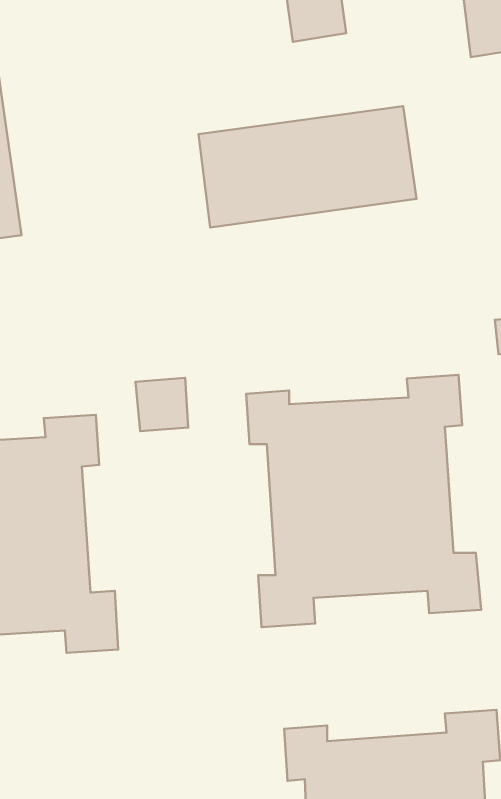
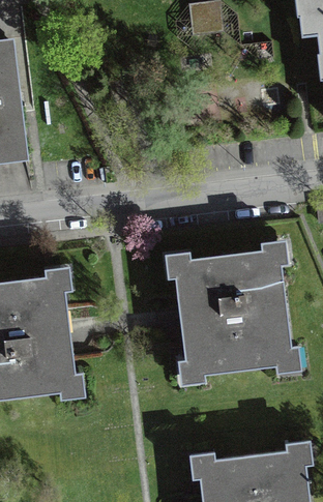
building: [199,106,416,228] -> none
building: [136,378,188,431] -> none

